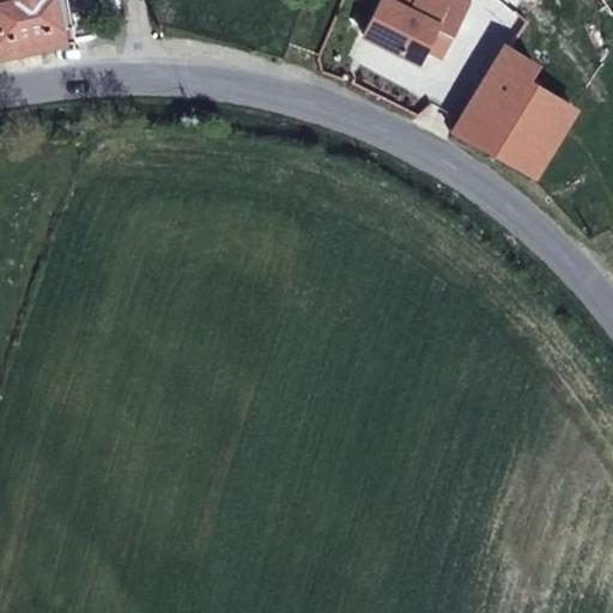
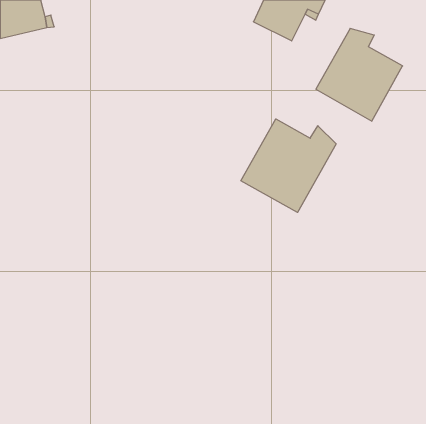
building: none -> [241,119,336,212]

